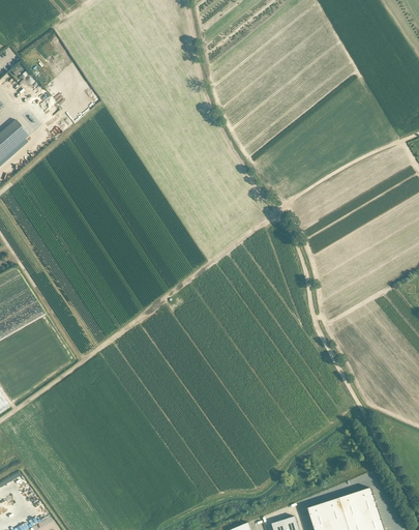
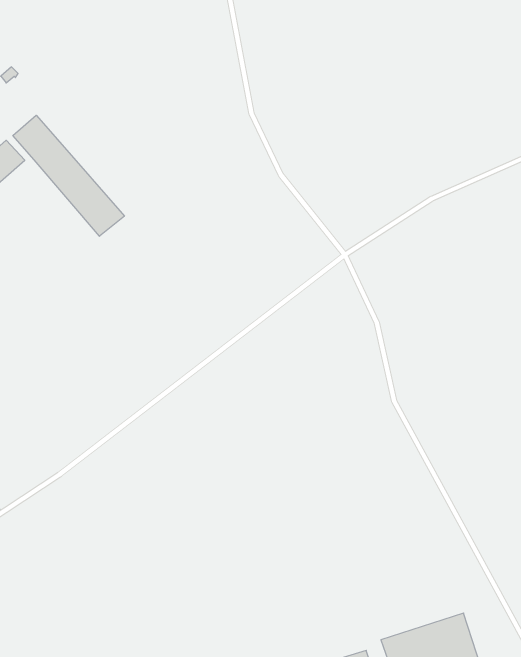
building: none -> [13,115,124,236]

